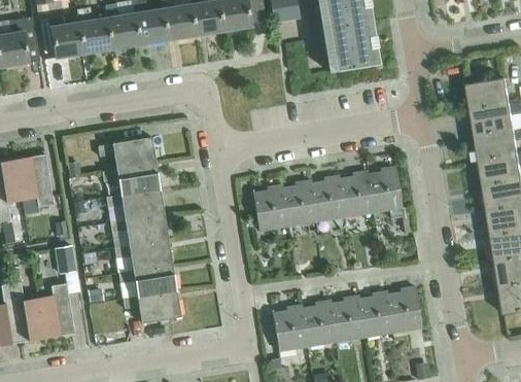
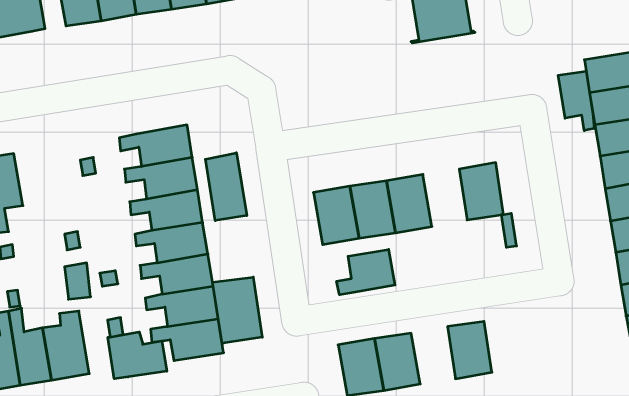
building: none -> [558,71,594,131]
building: [14,154,53,207] -> none
building: none -> [205,153,247,221]
building: [338,171,373,216] -> none
building: none -> [337,249,395,295]
building: none -> [213,277,262,344]
building: [386,286,421,332] -> none
building: [328,296,363,341] -> none
building: none -> [108,332,167,379]

